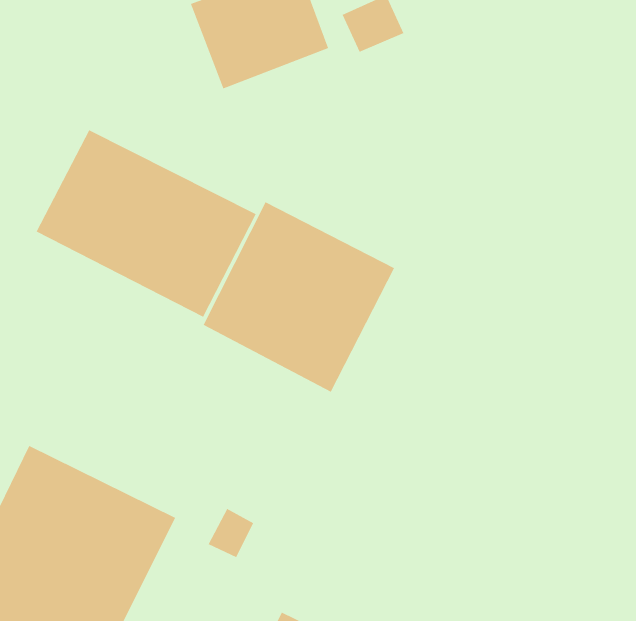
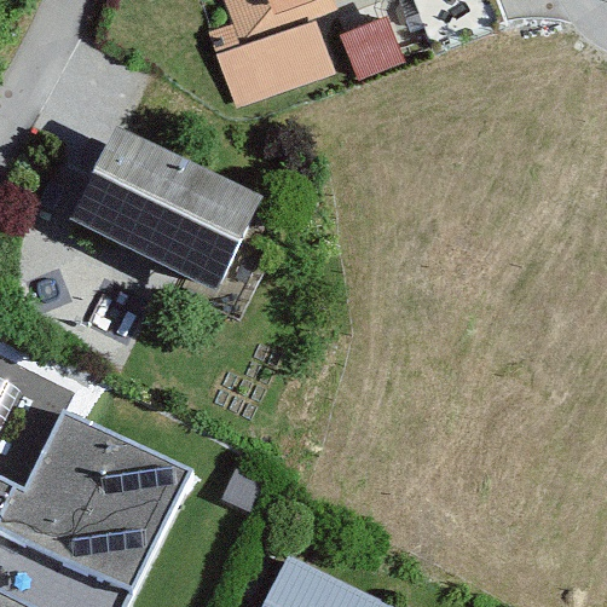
building: [203,201,395,393] -> none

